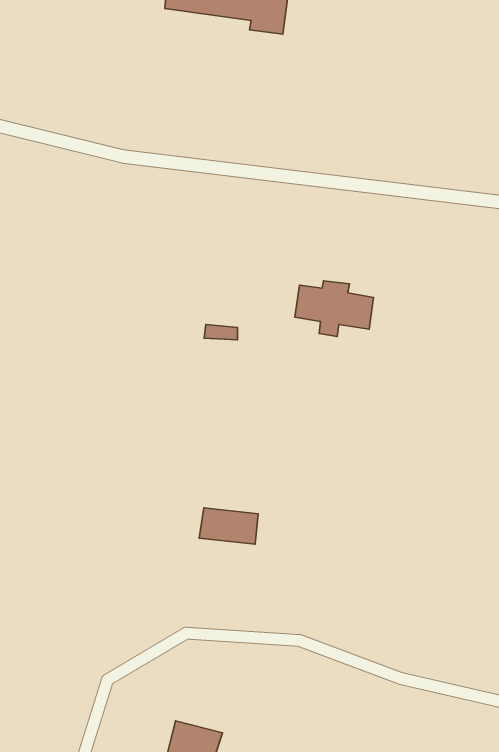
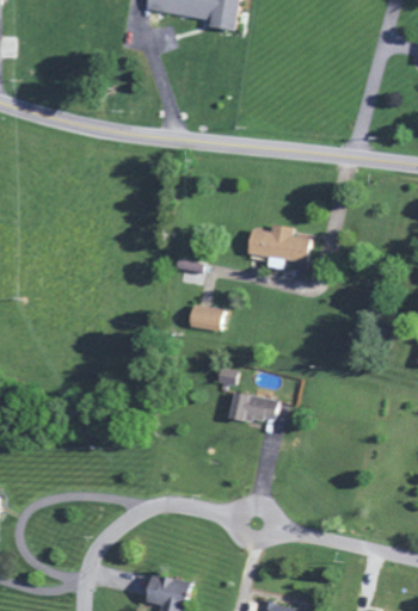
building: none -> [188,304,225,332]
building: [199,508,258,544] -> [229,393,276,421]

